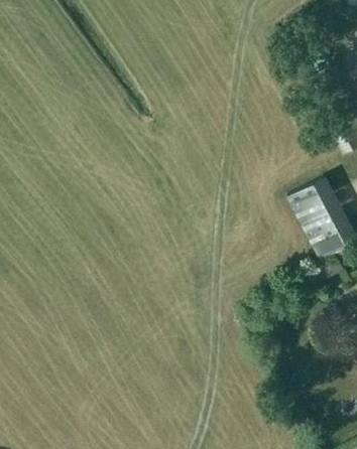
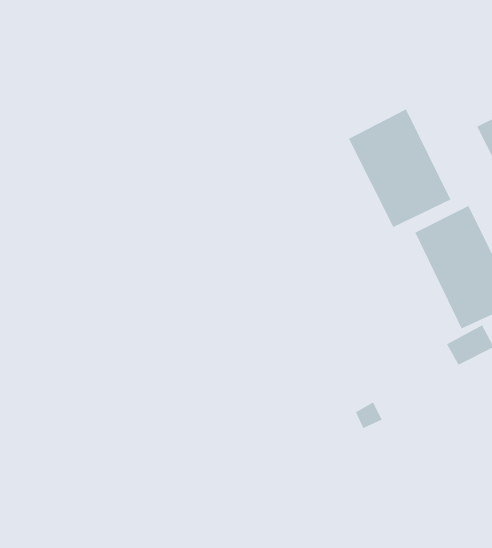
building: none -> [348,108,451,228]

